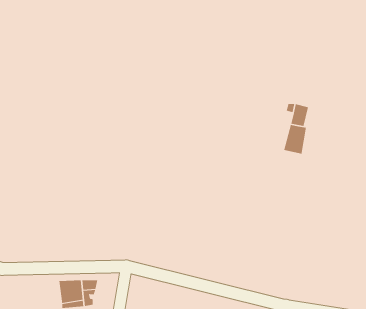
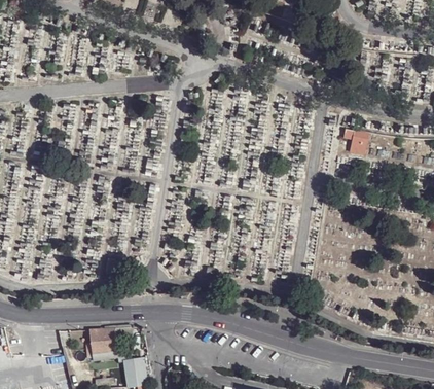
building: [284,124,307,155] -> none

